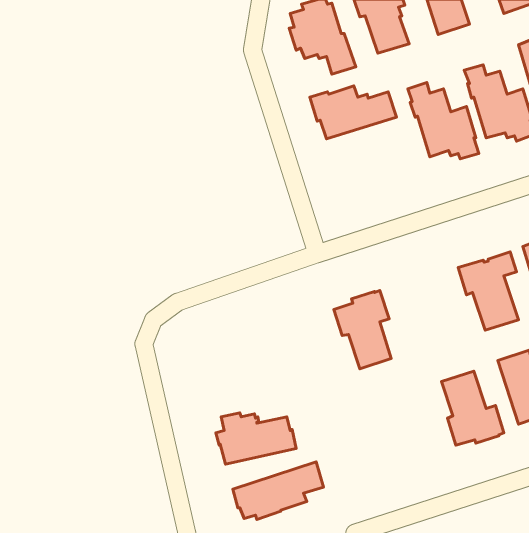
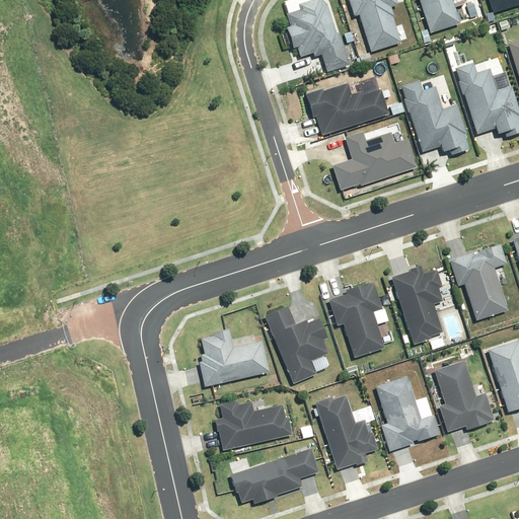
building: none -> [331,132,417,190]
building: none -> [391,266,443,345]
building: none -> [265,305,328,384]
building: none -> [199,329,270,387]
building: none -> [375,376,440,451]
building: none -> [314,395,378,469]

